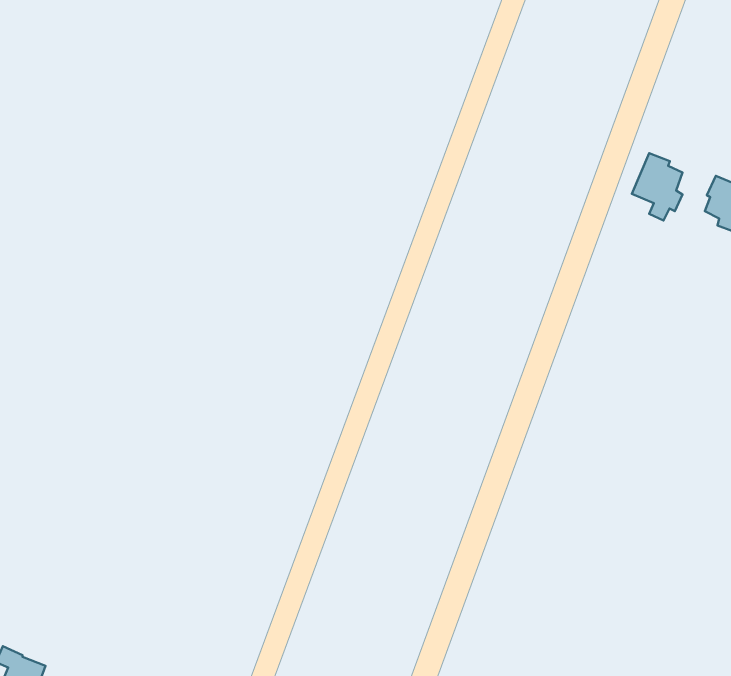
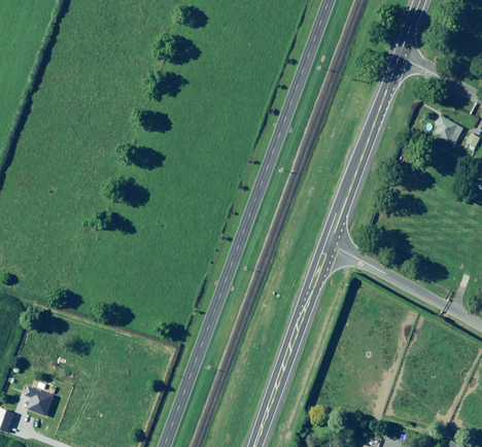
building: [632,153,682,221] -> none

